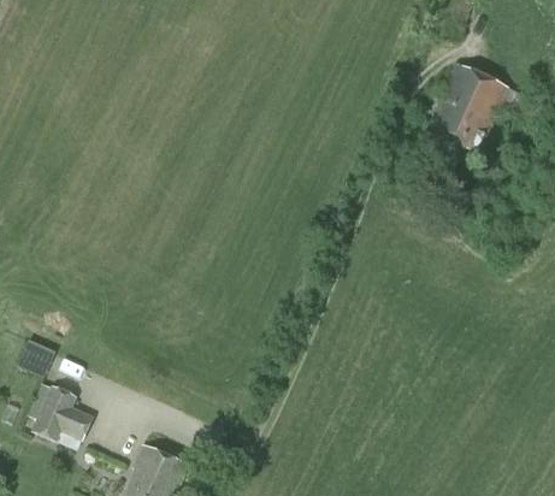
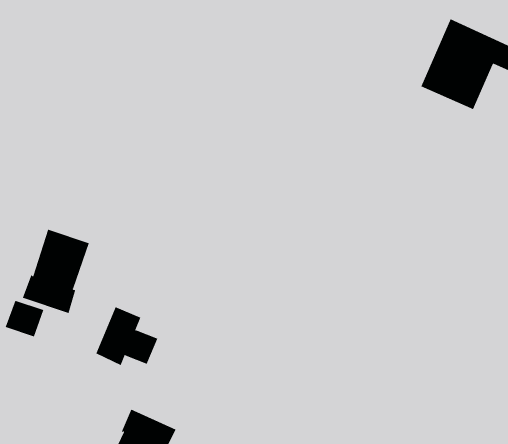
building: none -> [22,229,89,314]
building: [30,383,91,441] -> [95,306,158,366]

